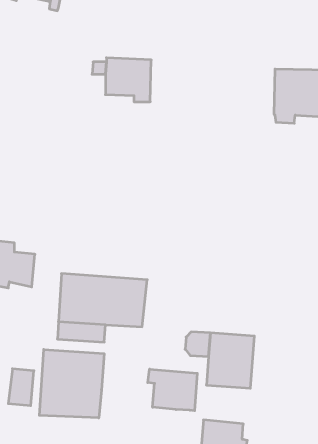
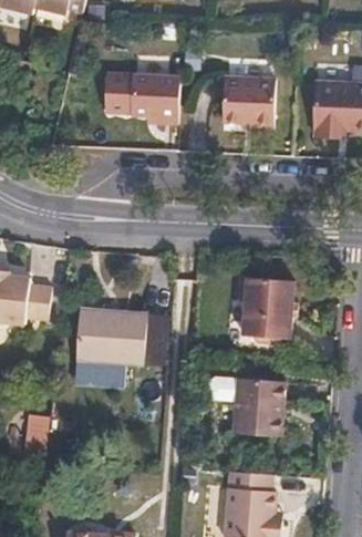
building: none -> [219,79,270,127]
building: none -> [240,278,298,344]
building: [39,349,104,418] -> none
building: [148,369,197,411] -> none

